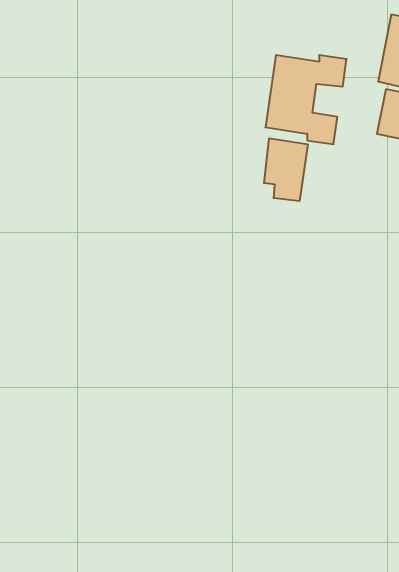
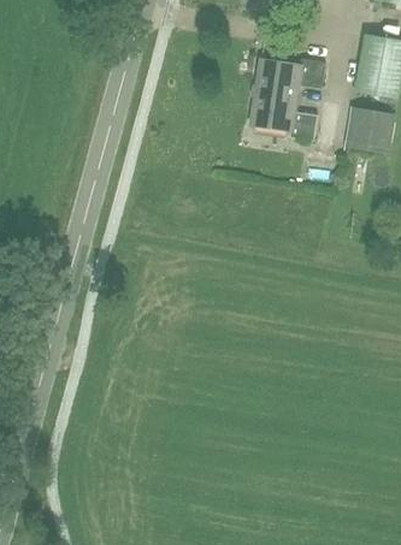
building: [264,138,308,201] -> none

